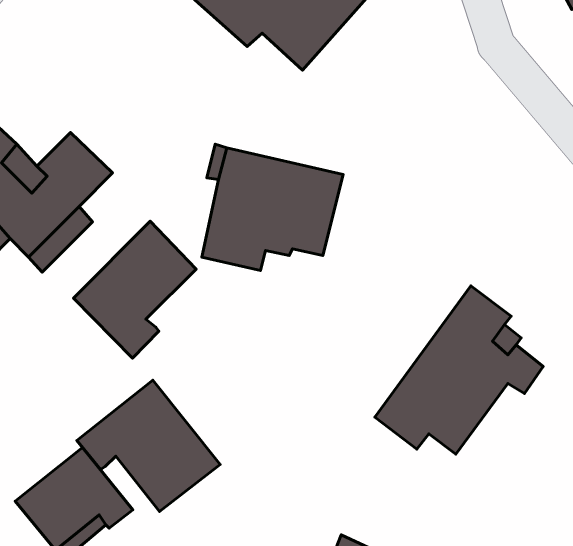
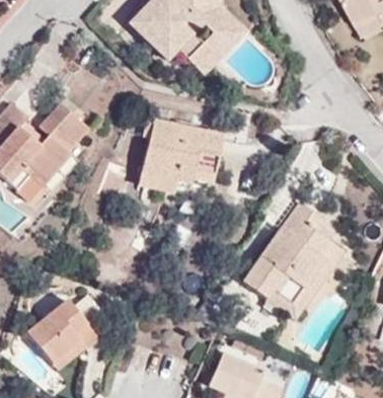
building: [74,221,196,358] -> none
building: [77,380,220,512] -> none
building: none -> [270,261,334,320]

